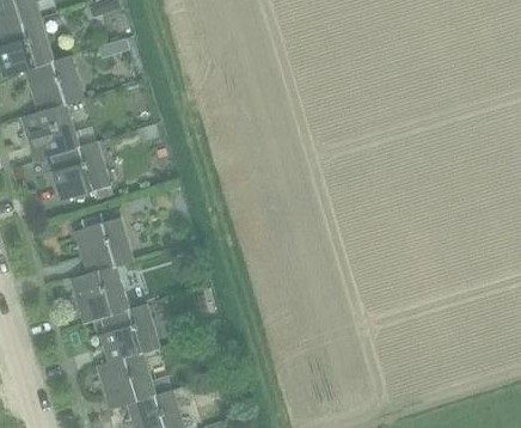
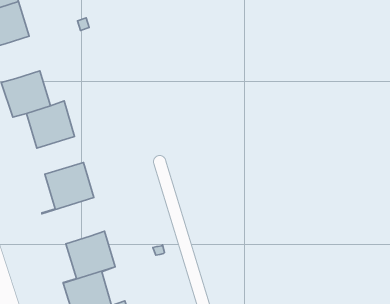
building: [24,55,84,114] -> none
building: [69,261,134,324] -> none

